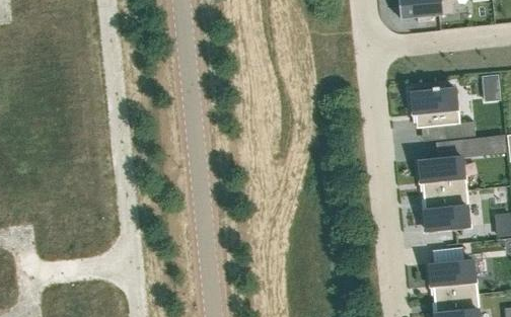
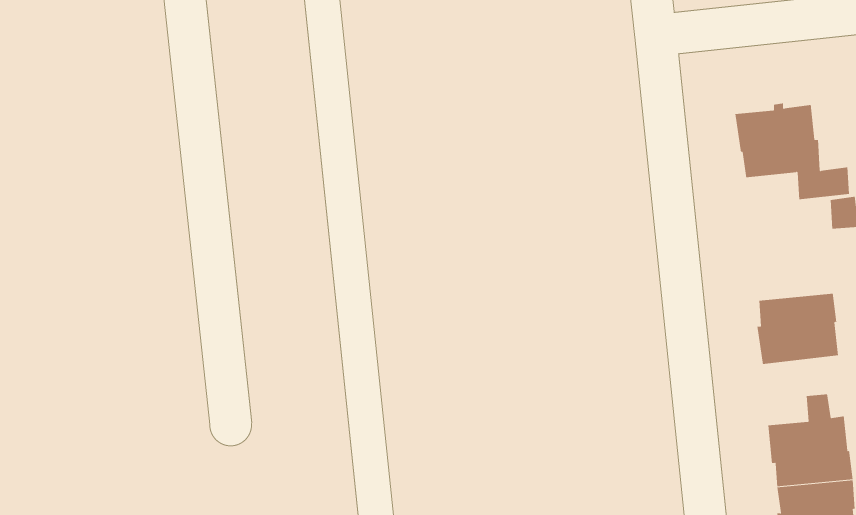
building: [419,155,466,194] -> none

